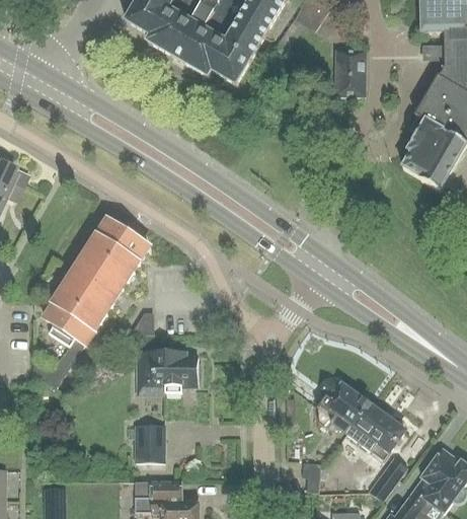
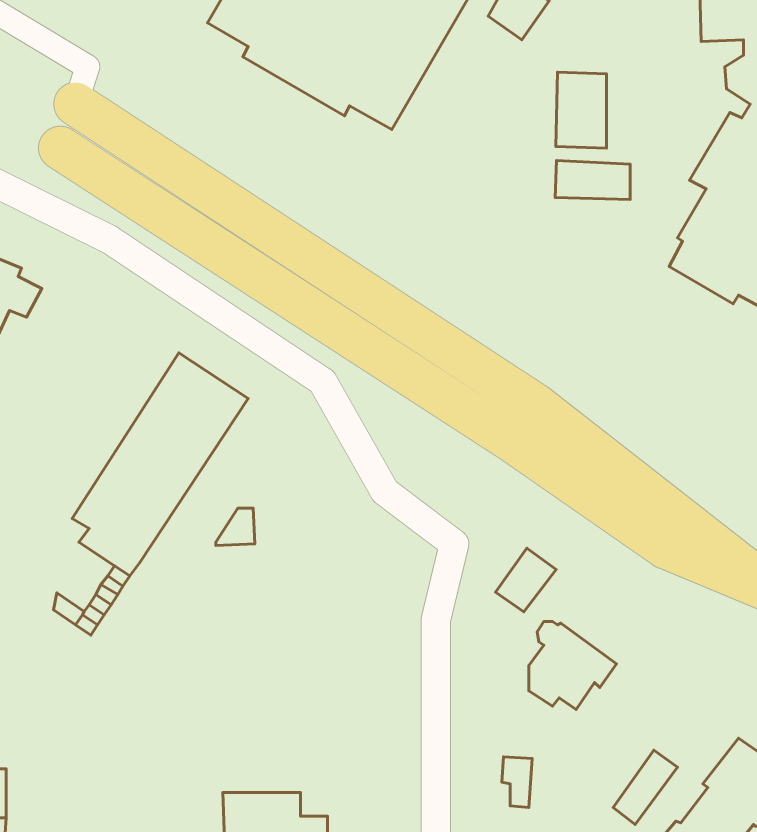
building: none -> [555,161,630,199]
building: none -> [495,548,556,612]
building: [138,350,199,393] -> none
building: [346,404,404,459] -> none
building: [134,424,165,461] -> none

